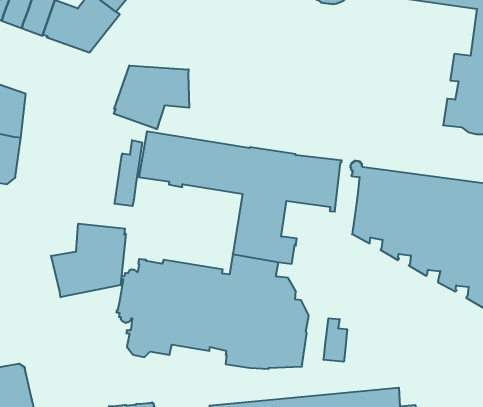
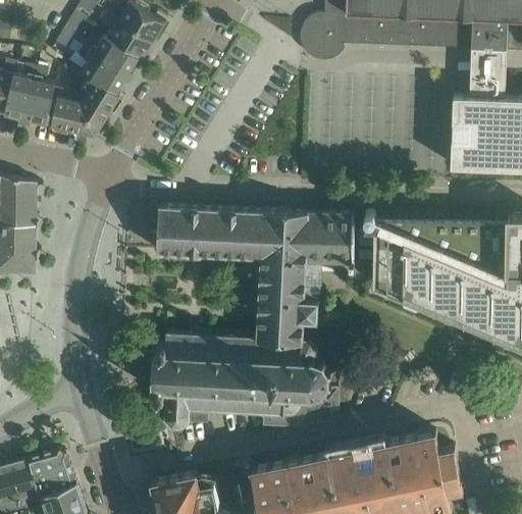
building: [114,65,189,129] -> none
building: [114,140,142,206] -> none
building: [51,224,126,297] -> none
building: [324,318,347,362] -> none

